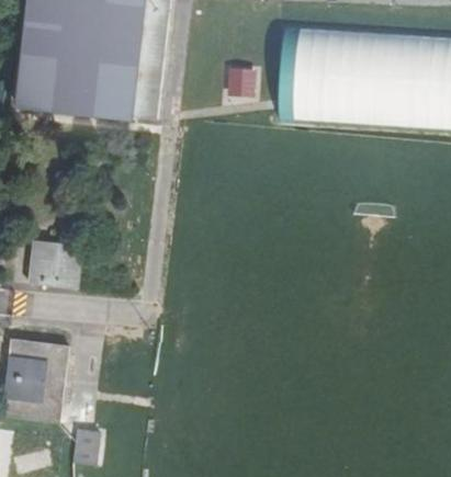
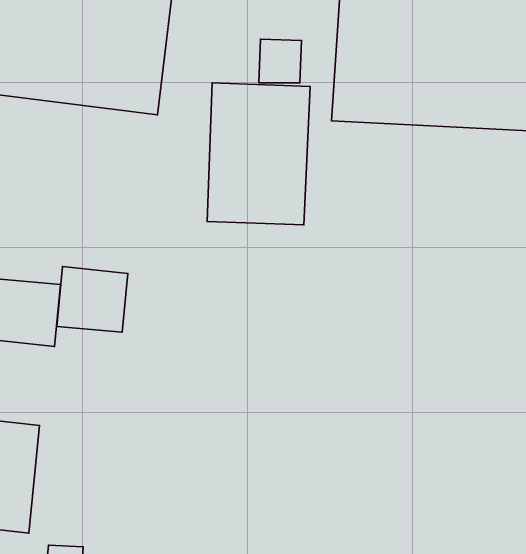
building: none -> [207,83,310,225]
building: none -> [57,266,128,332]

